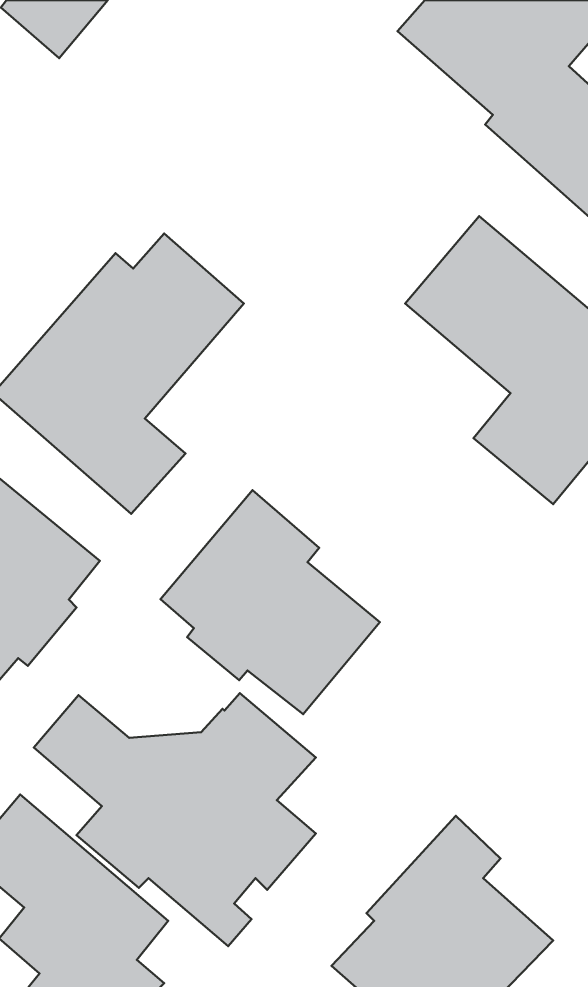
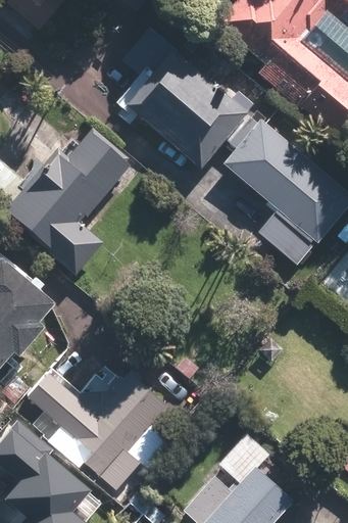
building: none -> [119,28,251,171]
building: [161,490,380,714] -> none

